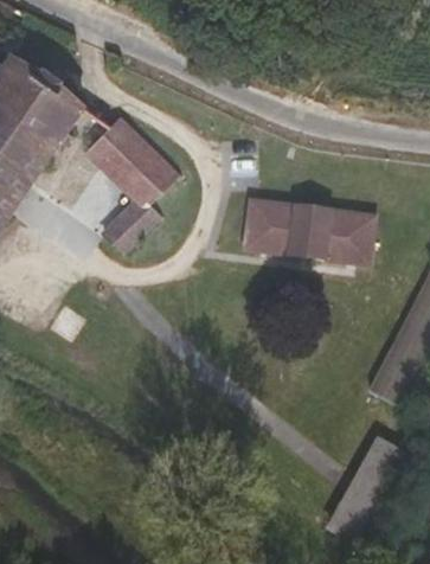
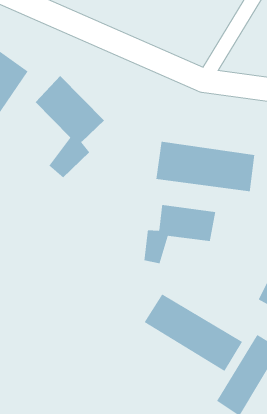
building: none -> [144,204,216,264]
building: none -> [144,293,243,372]

